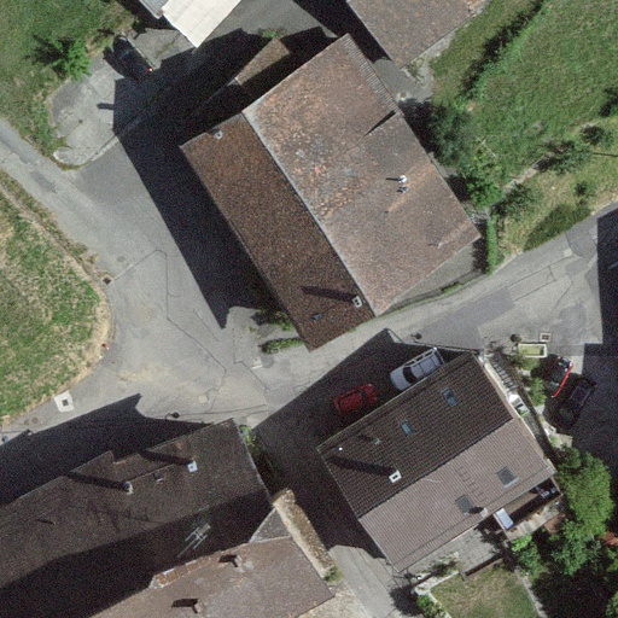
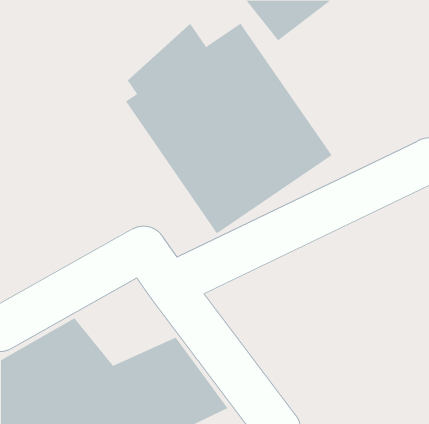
building: [326,351,571,562] -> none
building: [107,420,253,532] -> none

